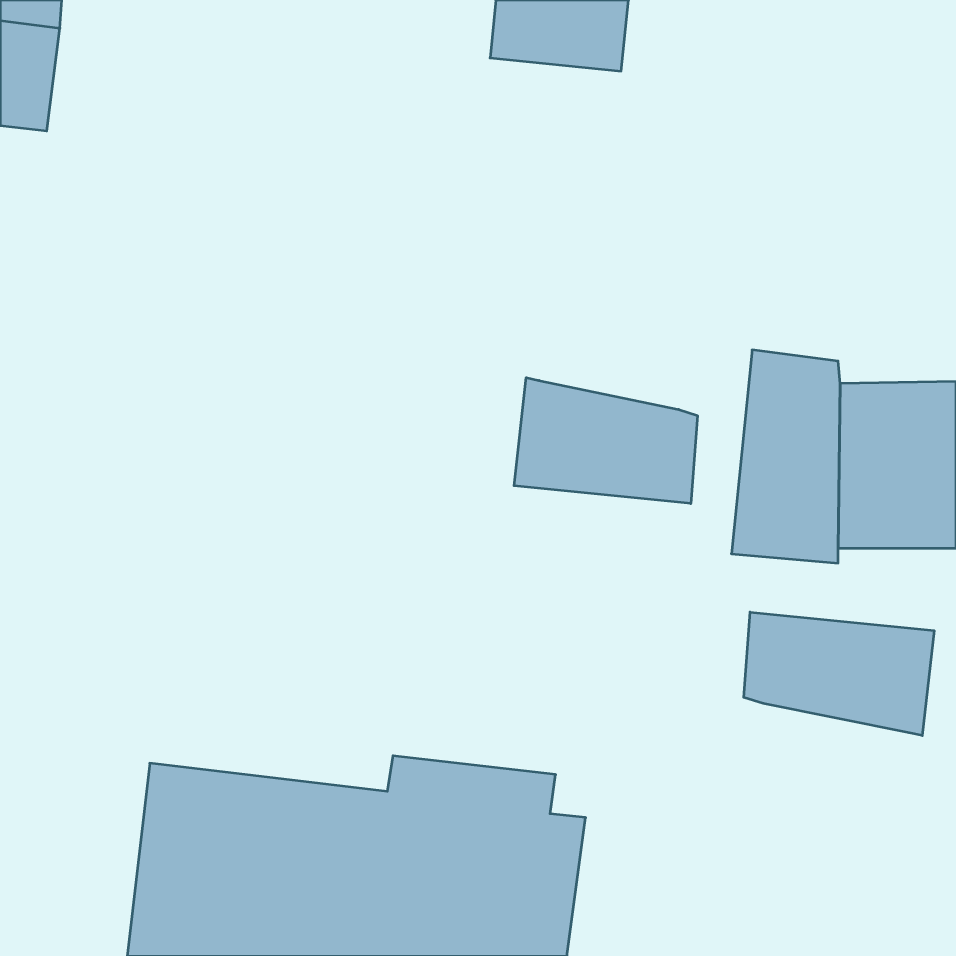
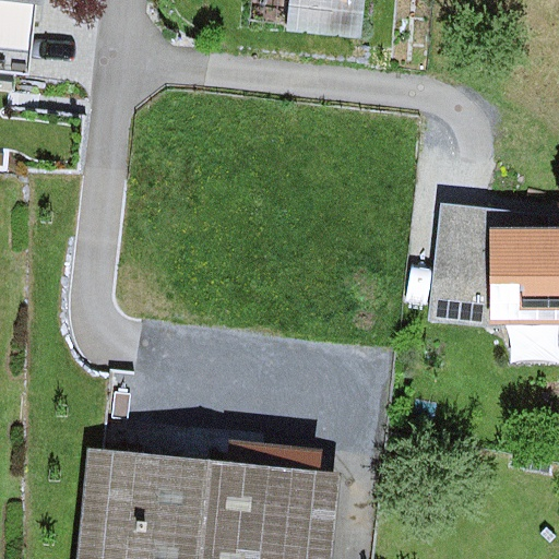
building: [514,378,697,504] -> none
building: [744,612,934,736] -> none

